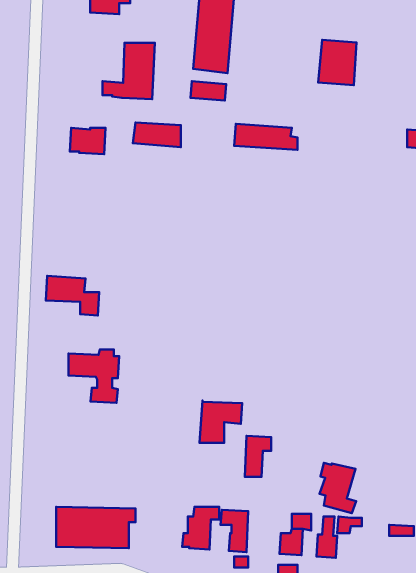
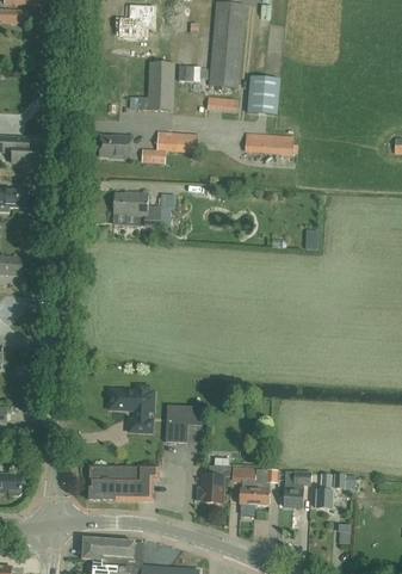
building: [318,40,356,85] -> [246,74,279,113]
building: [46,276,99,316] -> [113,191,160,226]
building: [68,349,119,403] -> [109,384,153,431]
building: [200,400,242,443] -> [165,403,202,440]
building: [245,436,271,477] -> [254,468,277,504]
building: [319,463,356,513] -> none

